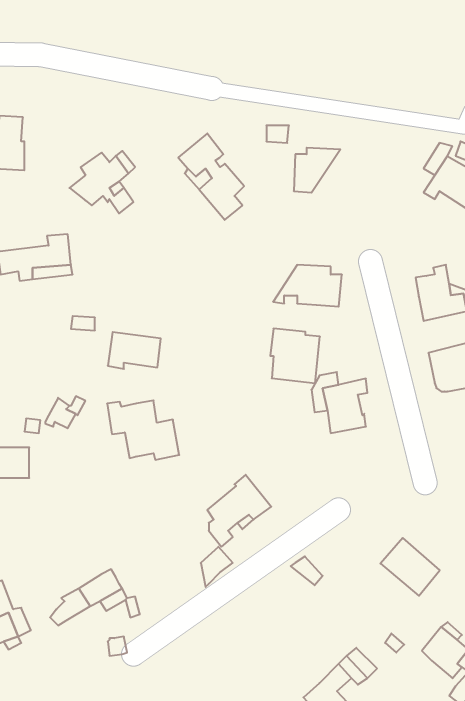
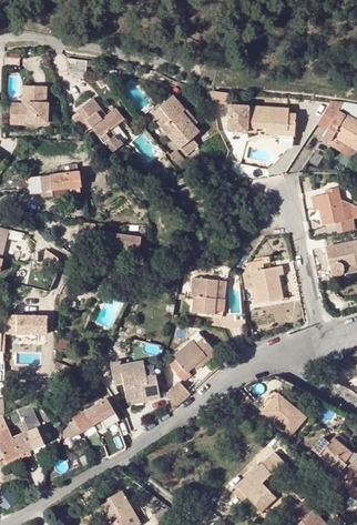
building: [273,265,342,307] -> [248,108,296,137]
building: [270,329,320,383] -> [192,279,226,316]
building: [107,400,179,460] -> [111,362,161,403]
building: [380,538,440,596] -> [265,395,306,435]

